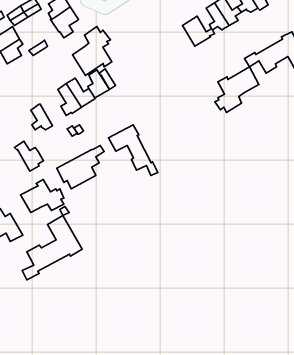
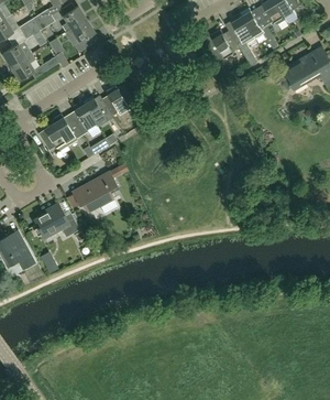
building: [73,26,112,76] -> none
building: [215,67,259,112] -> none
building: [109,125,158,175] -> none
building: [14,141,43,171] -> [51,113,81,145]
building: [22,216,82,280] -> none

